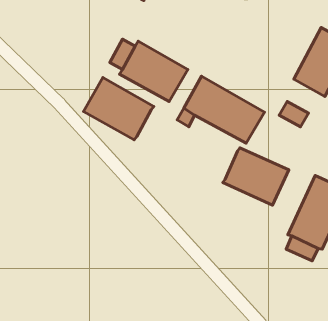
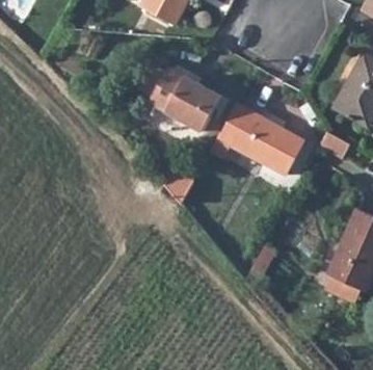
building: [83,77,154,140] -> none
building: [223,148,289,205] -> none

